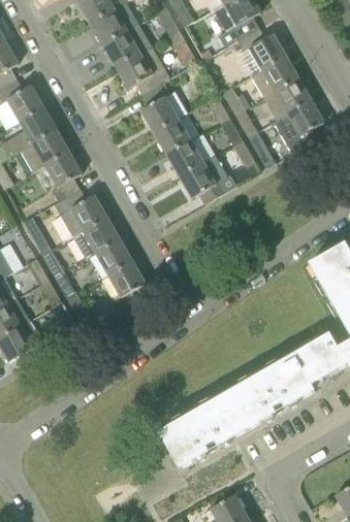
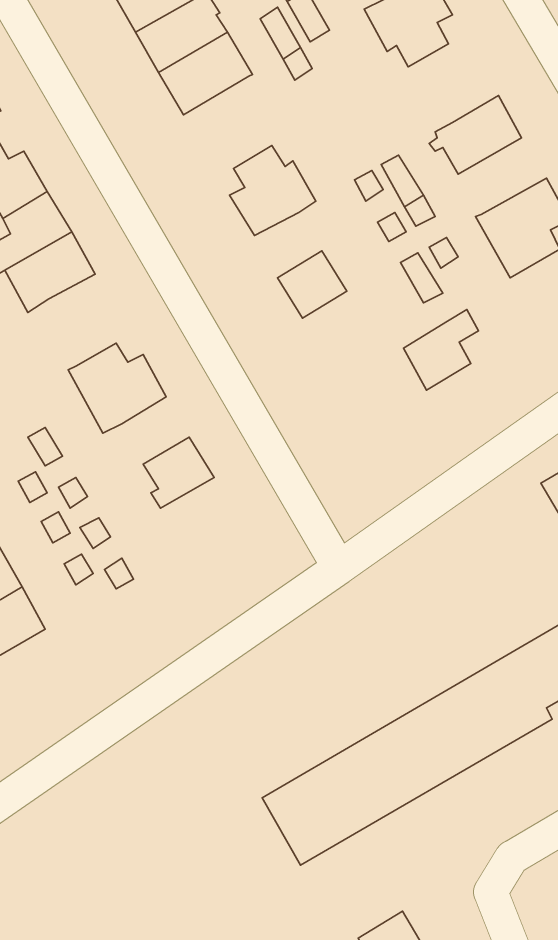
building: [236,28,285,70] -> none
building: [116,45,170,95] -> none
building: [263,78,311,120] -> none
building: [154,119,190,154] -> none
building: [43,152,82,201] -> none
building: [180,155,220,198] -> [403,310,478,390]
building: [83,218,119,254] -> none
building: [102,261,145,300] -> none

